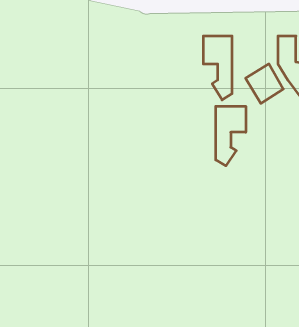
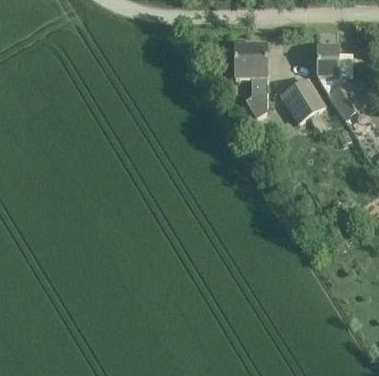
building: [216,106,246,166] -> none

